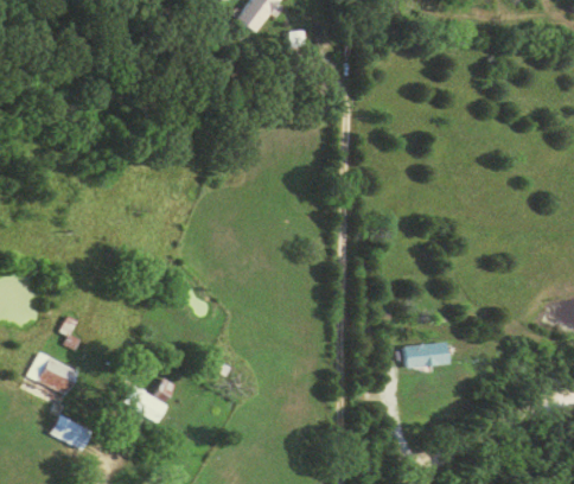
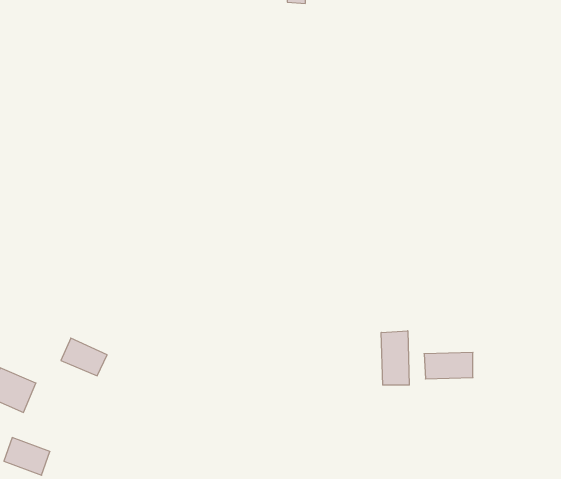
building: none -> [381,331,409,385]
building: [127,388,166,420] -> [61,338,107,376]

